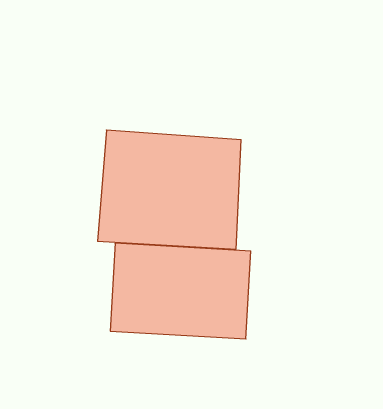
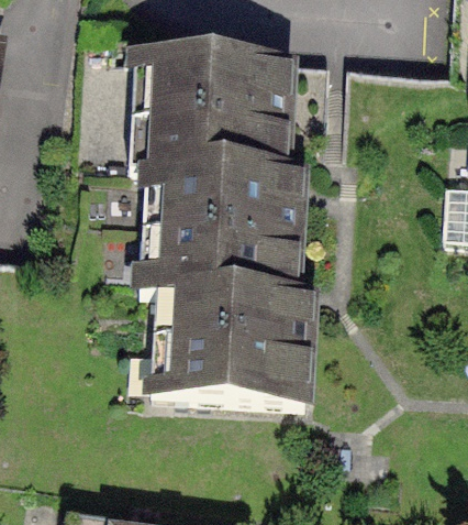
building: none -> [135,56,293,172]

